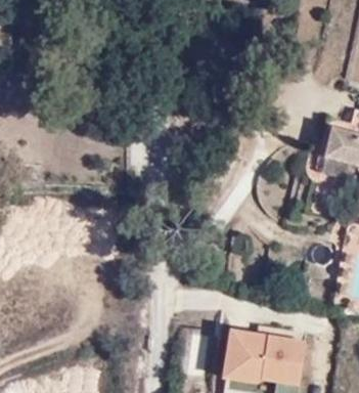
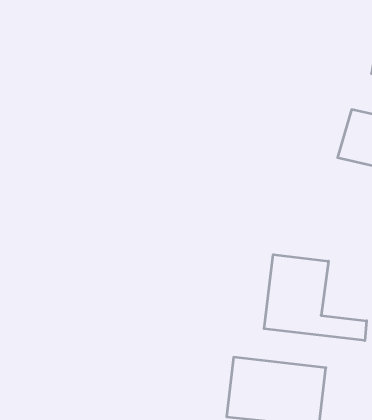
building: none -> [264,255,367,341]

